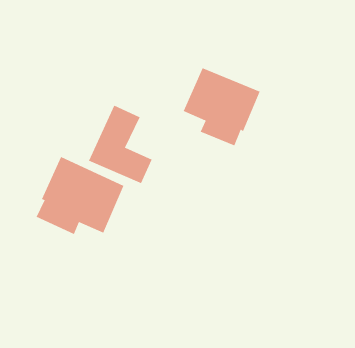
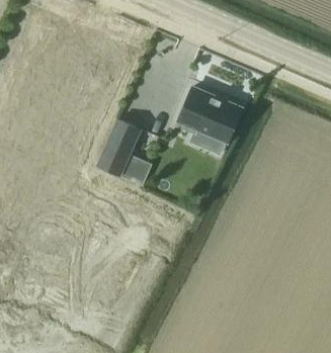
building: [36,156,124,235] -> none

